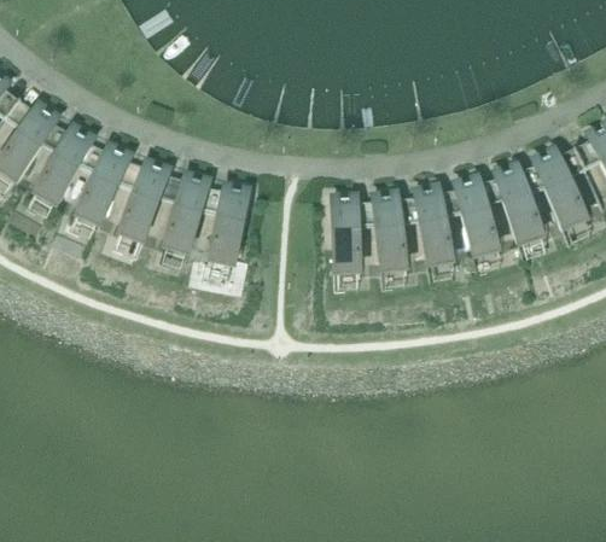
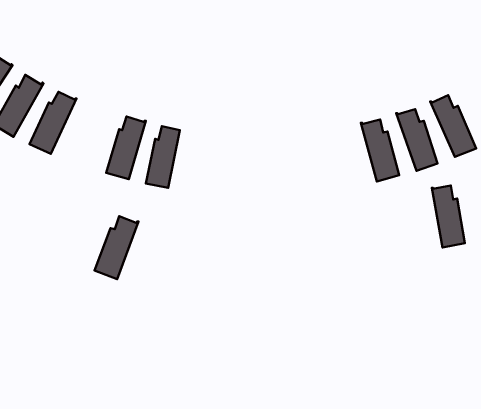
building: [121,164,170,235] -> [95,216,138,279]
building: [414,188,451,258] -> [432,186,465,247]
building: [372,196,406,264] -> none
building: [332,198,360,266] -> none

